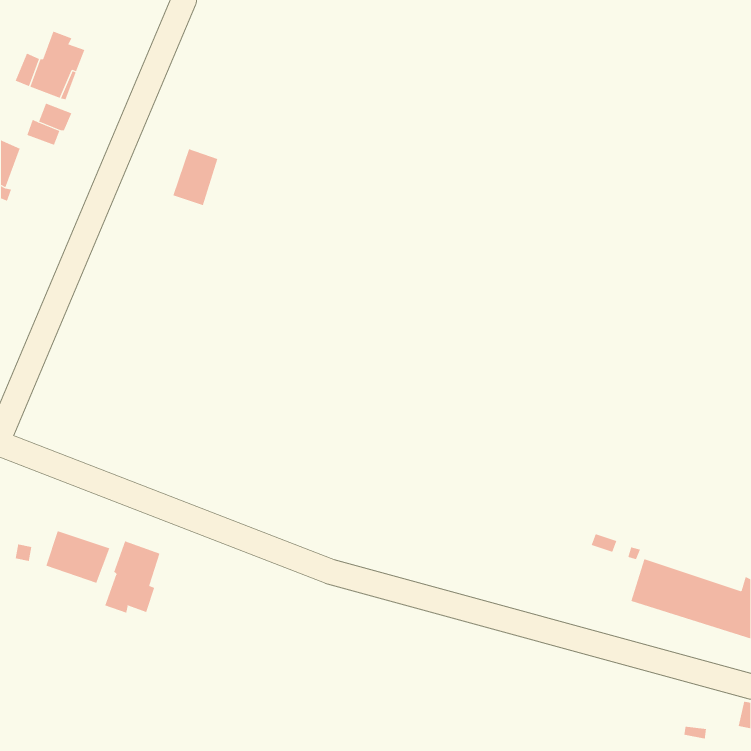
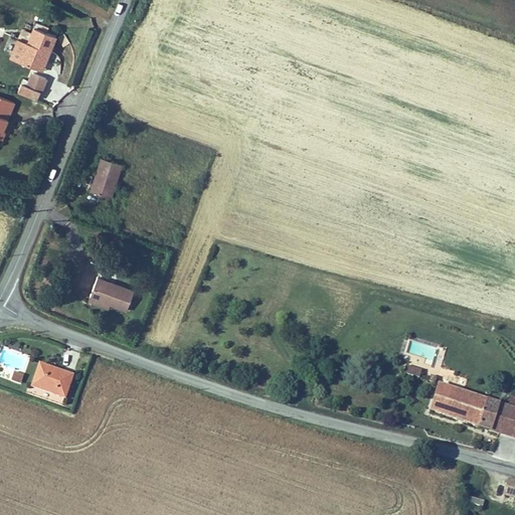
building: [172,149,218,206] -> [92,157,123,196]
building: none -> [88,265,135,309]
building: [104,541,160,613] -> none

